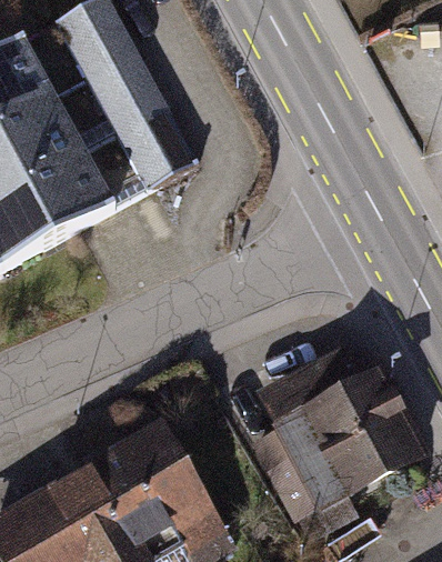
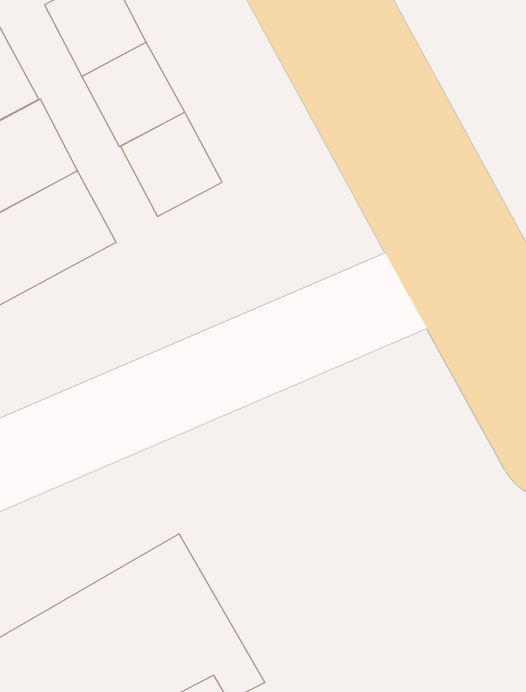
building: [254,352,422,543] -> none

